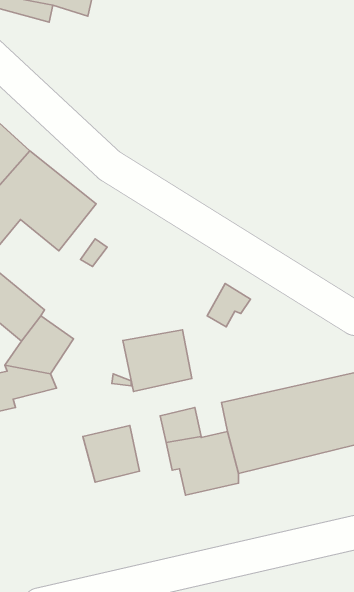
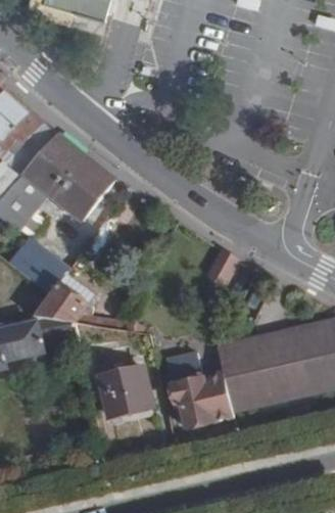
building: [123,330,192,392] -> none

